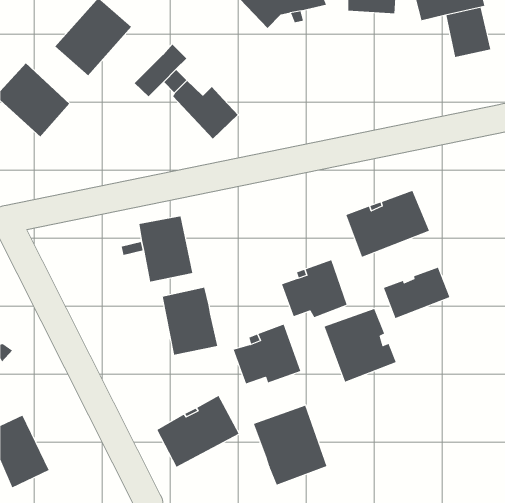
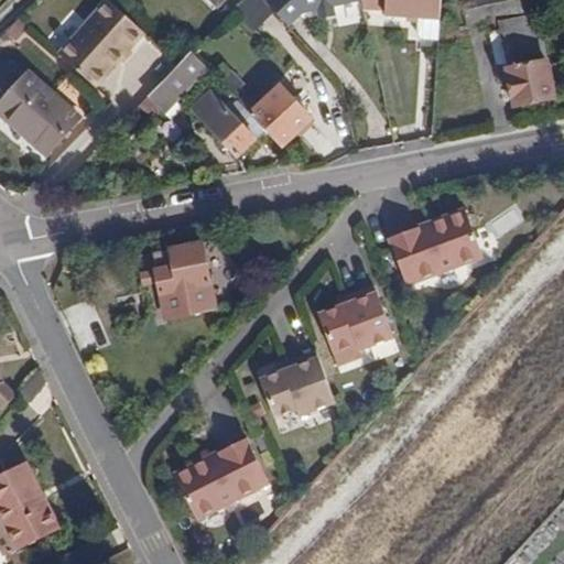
building: none -> [506,55,554,104]
building: none -> [249,83,313,145]
building: [383,267,450,319] -> none
building: [162,287,218,355] -> none
building: [324,308,397,382] -> none
building: [253,405,327,486] -> none

